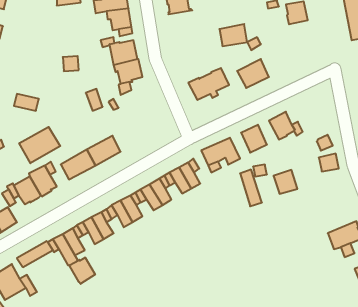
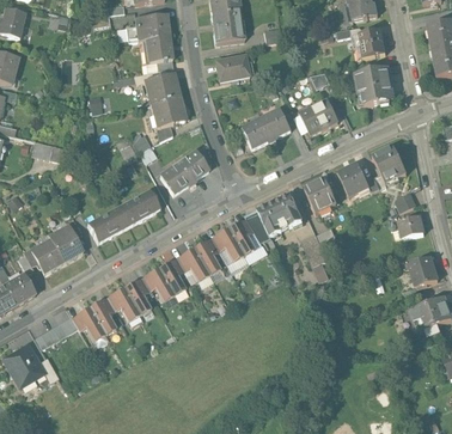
building: [219,24,247,46] -> [216,55,250,81]
building: none -> [354,66,392,104]
building: none -> [372,145,405,181]
building: none -> [160,152,208,195]
building: [19,127,60,163] -> none
building: [273,170,297,194] -> [407,252,435,281]
building: [70,257,95,284] -> none

